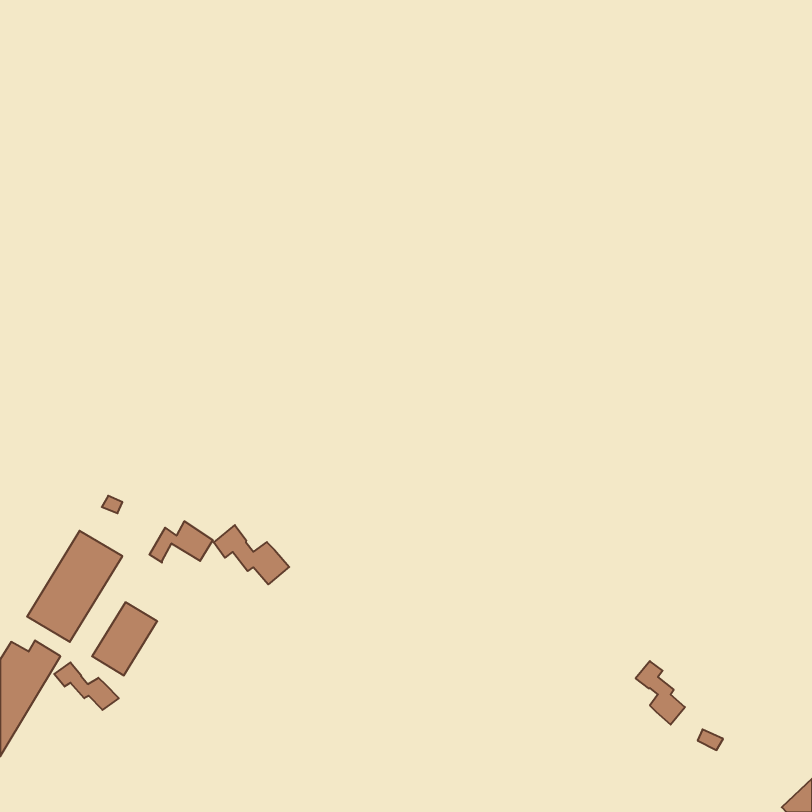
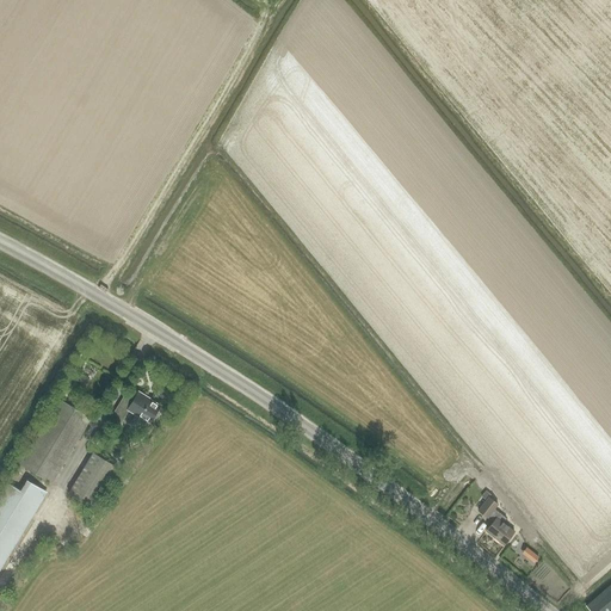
building: [214,525,289,584] -> none
building: [54,662,119,710] -> none

